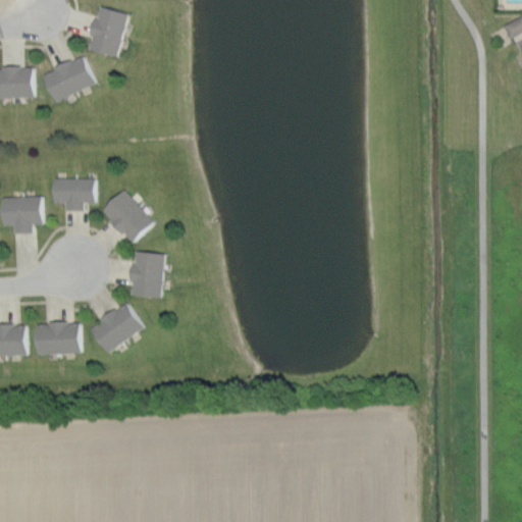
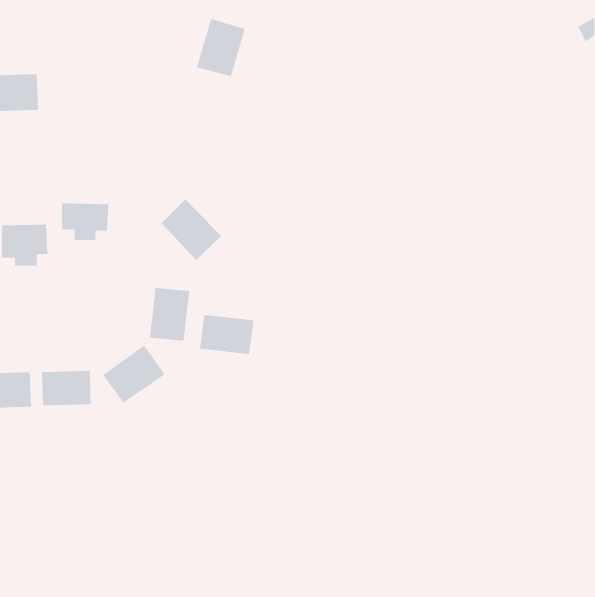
building: [86,6,128,57] -> [196,18,246,77]
building: [40,55,94,103] -> none
building: [101,190,154,244] -> [161,199,222,261]
building: none -> [199,314,254,355]

